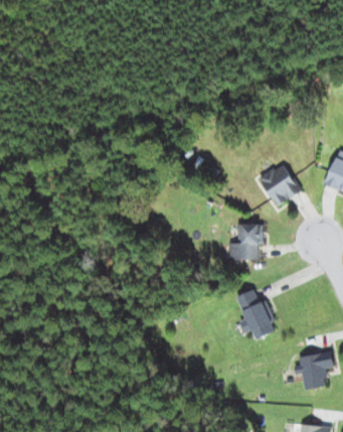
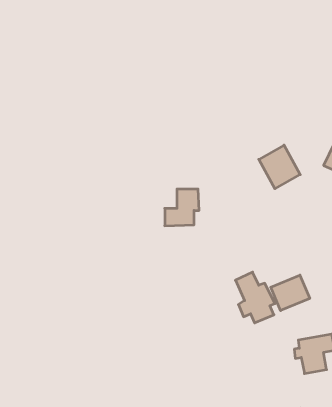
building: [229,224,264,260] -> [165,189,199,226]
building: none -> [271,275,310,311]

